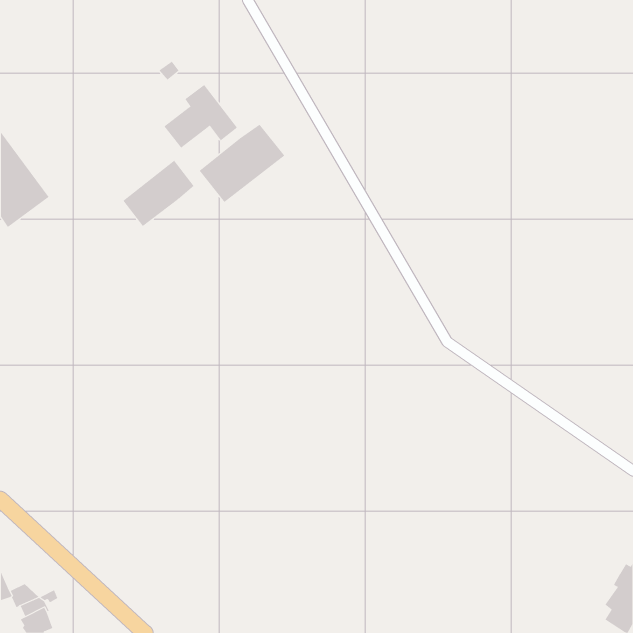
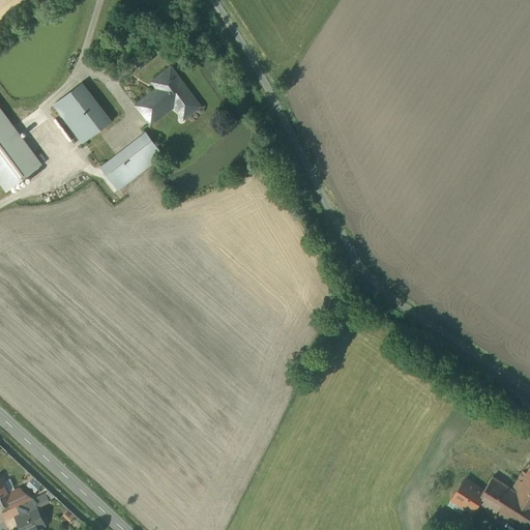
building: none -> [53,85,112,146]
building: [199,124,285,203] -> none
building: none -> [452,476,516,518]

